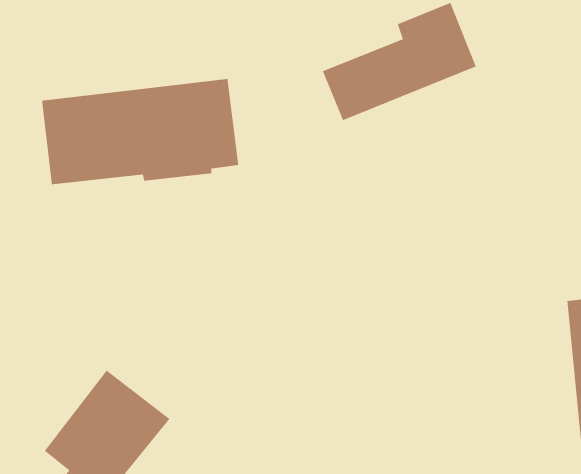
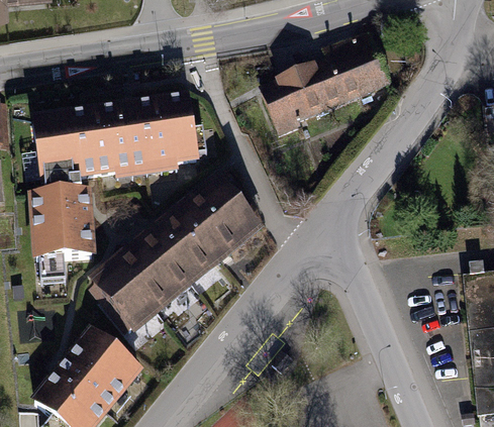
building: none -> [92,178,260,331]
building: none -> [32,191,92,257]

